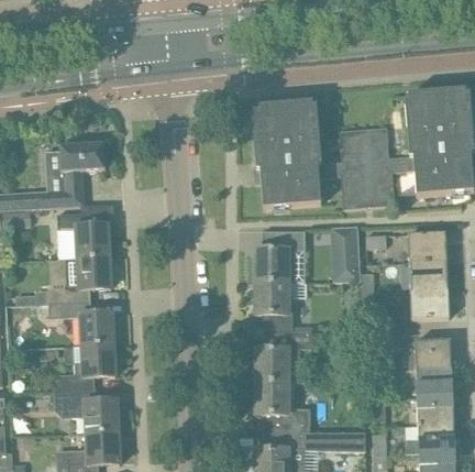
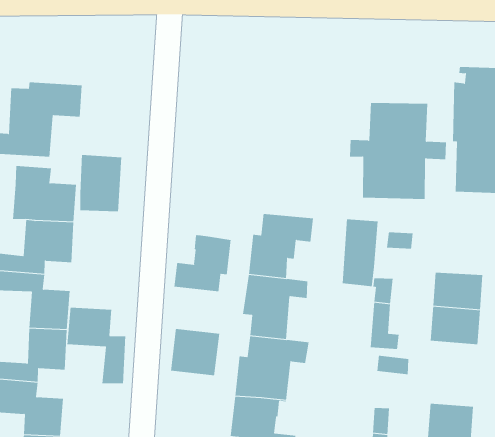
building: [252,101,321,209] -> none
building: none -> [80,154,122,212]
building: [406,232,446,263] -> none
building: none -> [174,234,231,292]
building: none -> [67,307,126,384]
building: none -> [170,328,220,376]
building: [407,339,451,370] -> none

